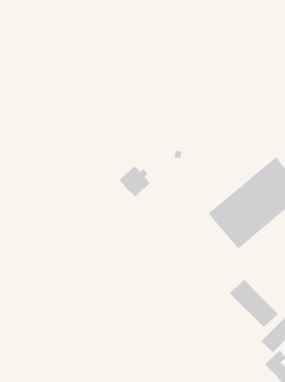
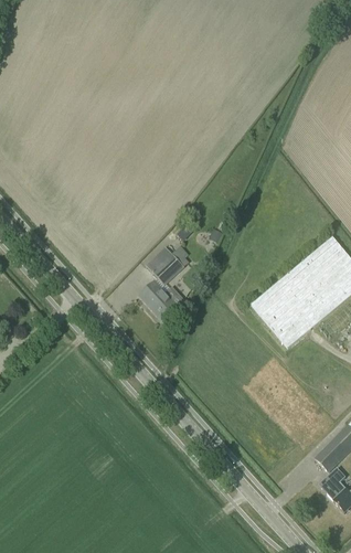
building: none -> [138,280,183,319]
building: [229,279,279,328] -> none

